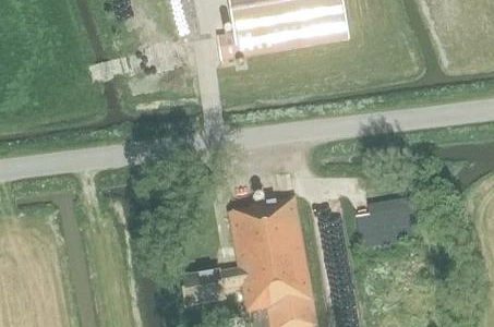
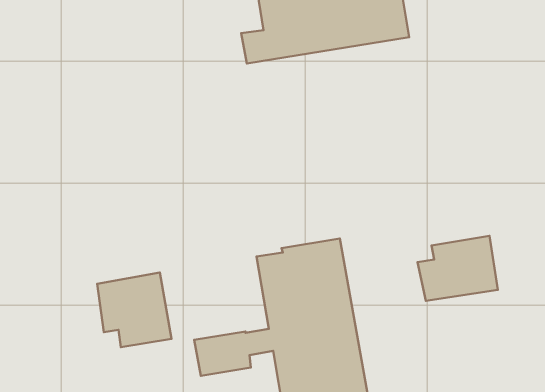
building: none -> [97,272,172,347]

